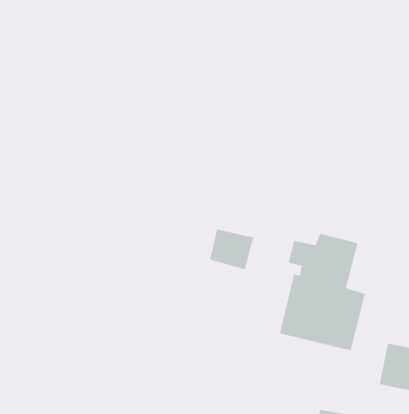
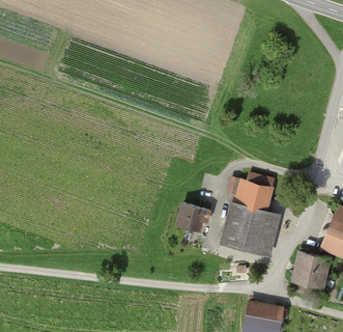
building: [209,228,254,270] -> [175,203,207,233]

